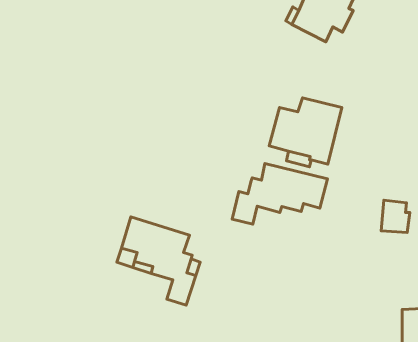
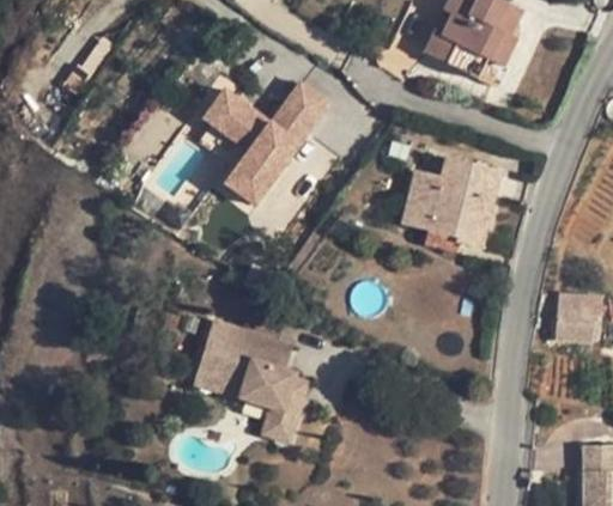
building: none -> [202,77,335,206]
building: [232,164,327,224] -> none

